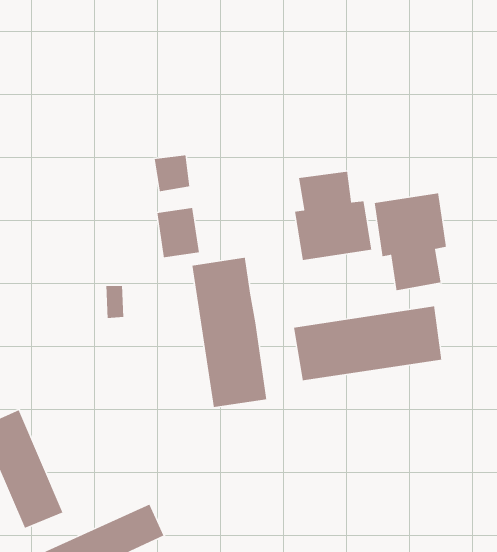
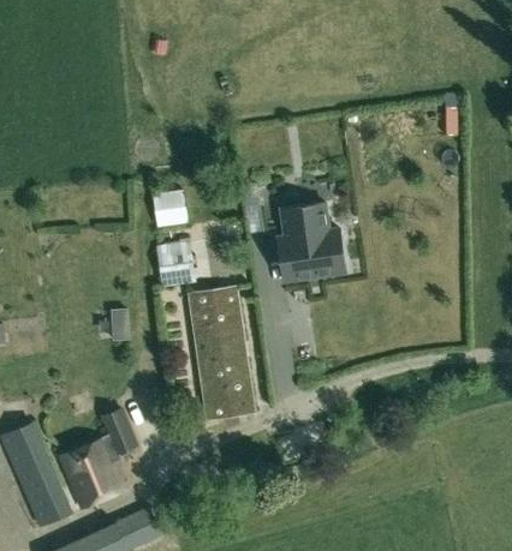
building: [374,193,447,291] -> none
building: [293,306,442,381] -> none
building: none -> [60,408,137,507]

